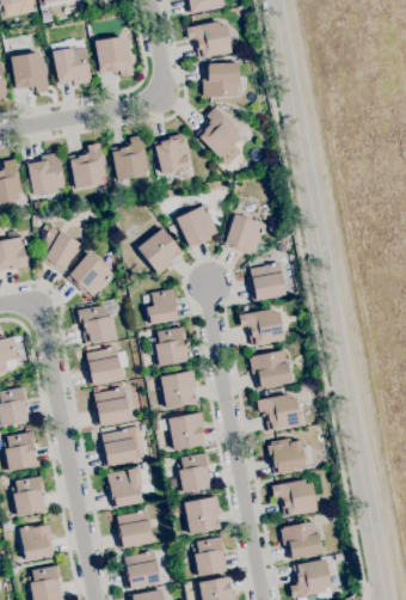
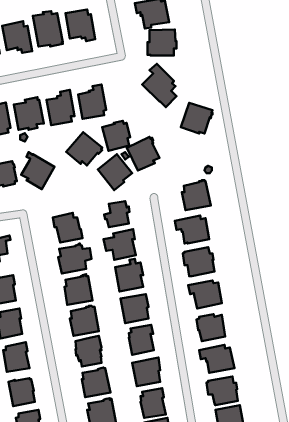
building: [154,134,191,173] -> [102,121,130,151]
building: [224,214,266,255] -> [181,103,213,134]
building: [66,252,113,296] -> [66,132,102,166]

